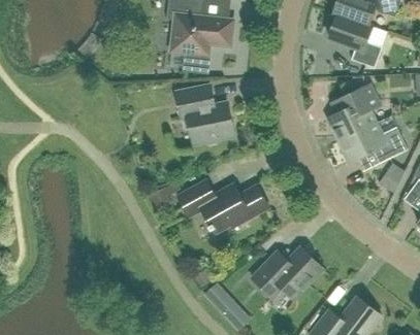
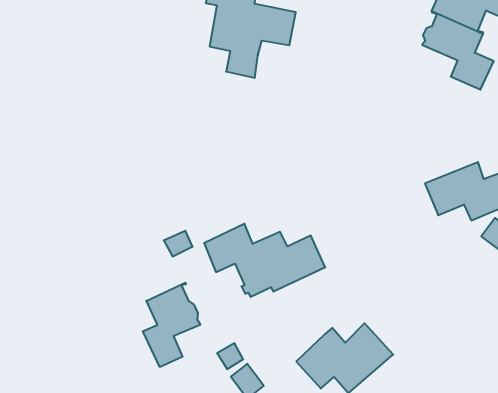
building: [327,83,380,140] -> none
building: [175,85,233,143] -> none
building: none -> [143,283,200,367]

